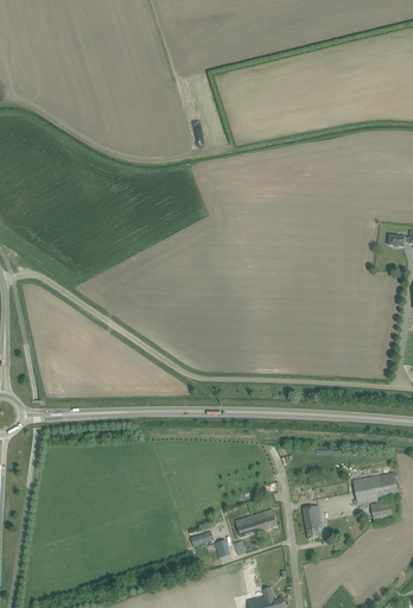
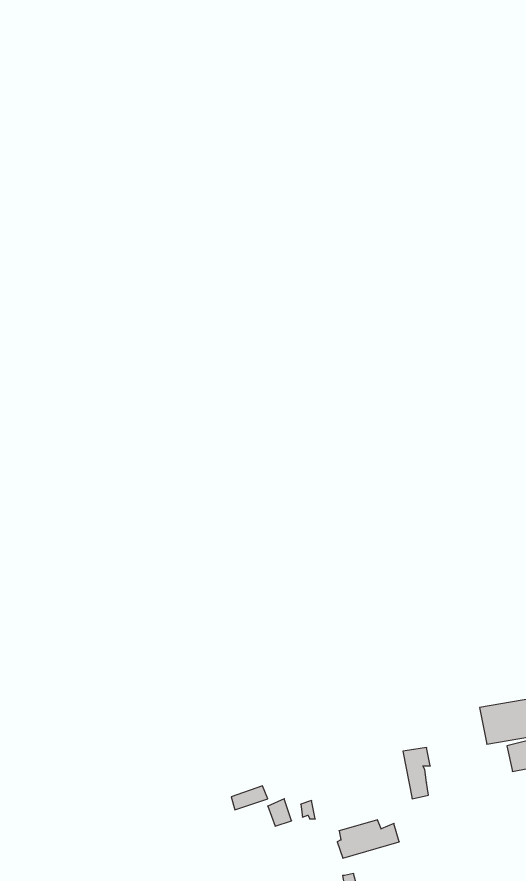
building: [237,511,278,536] -> [337,820,399,858]

